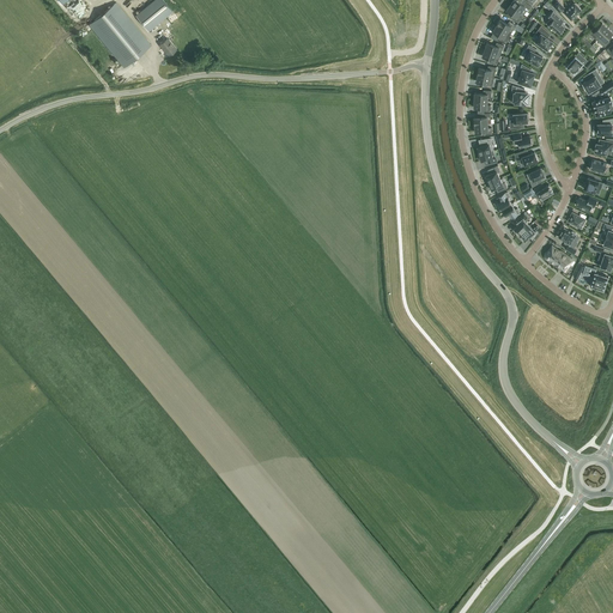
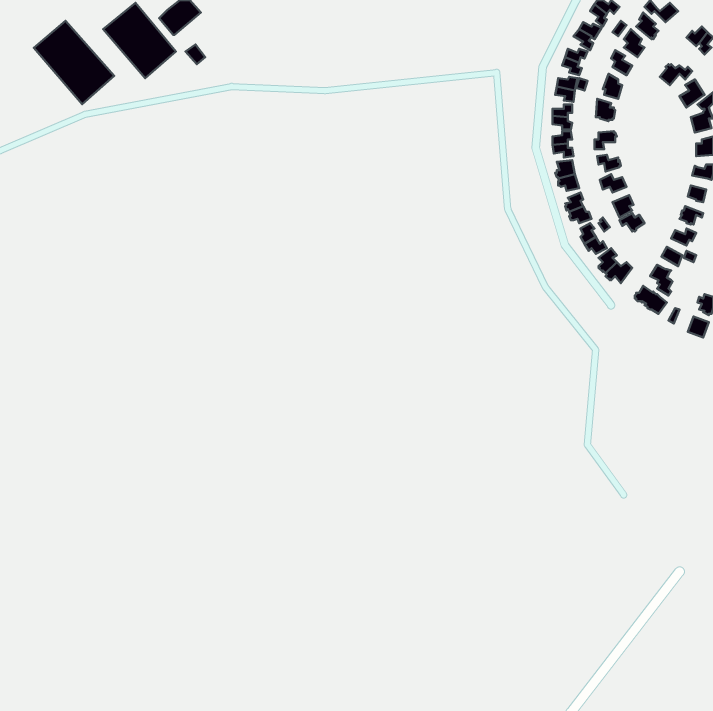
building: none -> [34,21,114,104]

